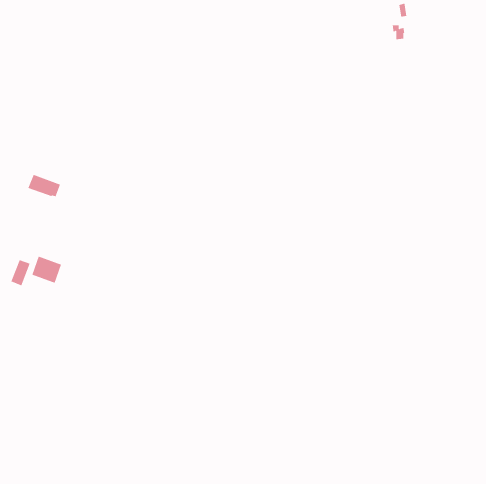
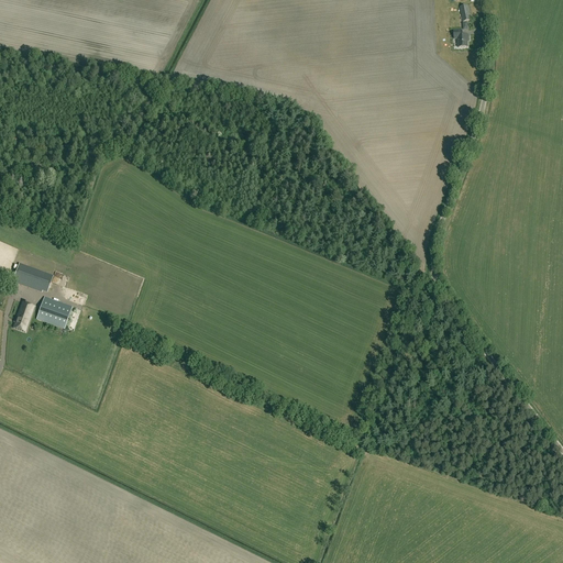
building: [28,174,61,197] -> [13,263,52,289]

